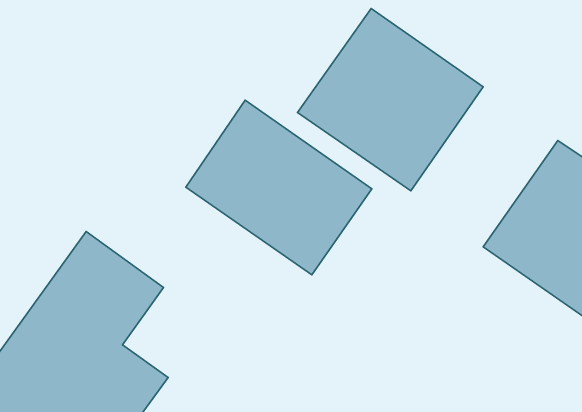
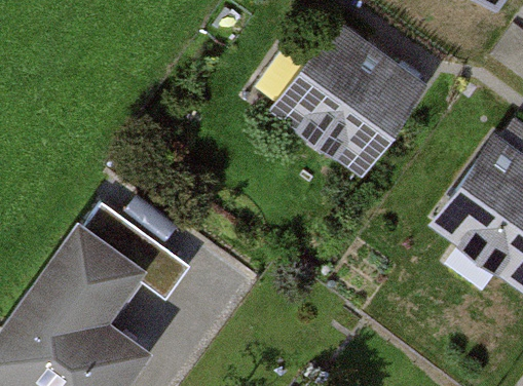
building: [186,100,372,275] -> none

